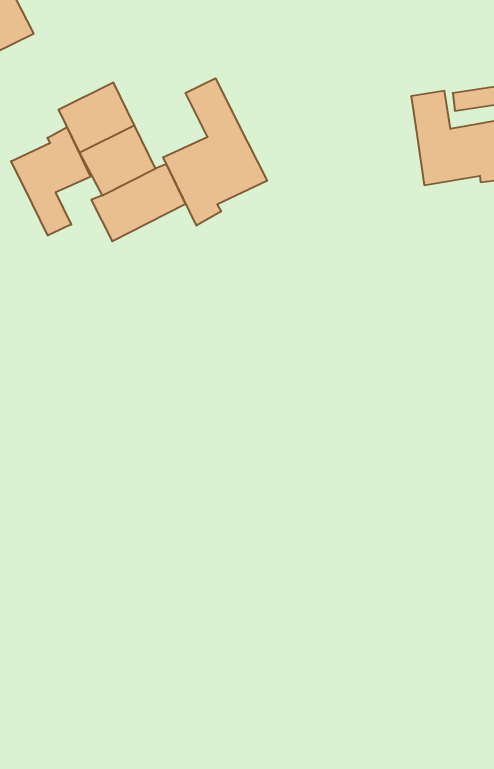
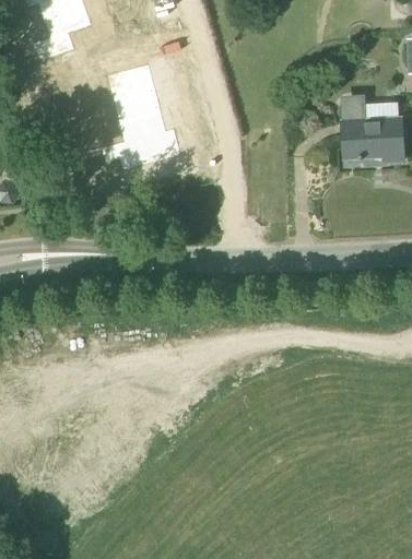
building: [163,78,267,226] -> none
building: [11,127,90,236] -> none

